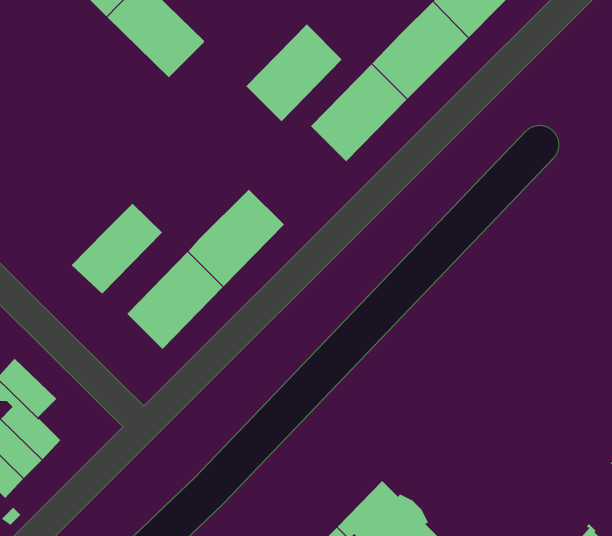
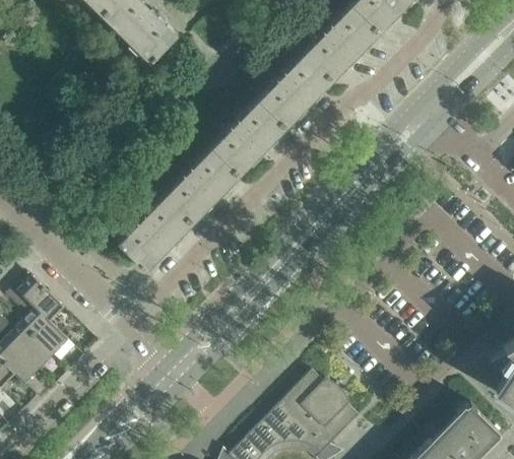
building: [245,24,343,122] -> [212,100,286,175]
building: [71,203,163,294] -> none

